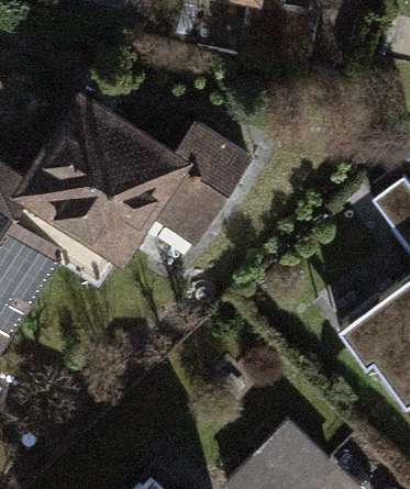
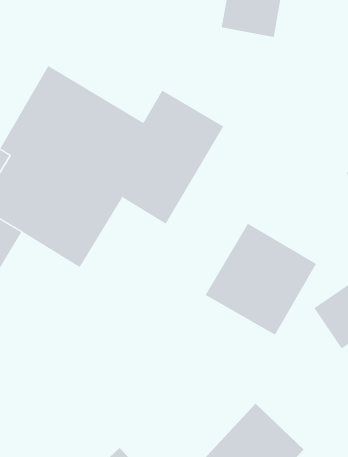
building: none -> [205,223,317,335]

